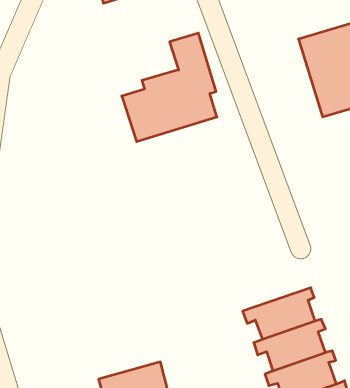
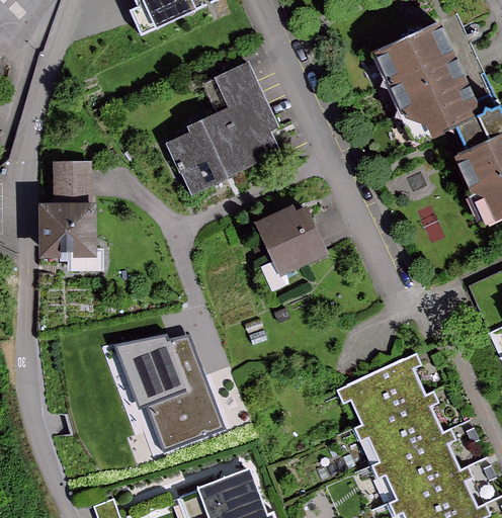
building: none -> [46,162,102,274]
building: none -> [258,201,331,276]
building: none -> [111,331,215,442]

